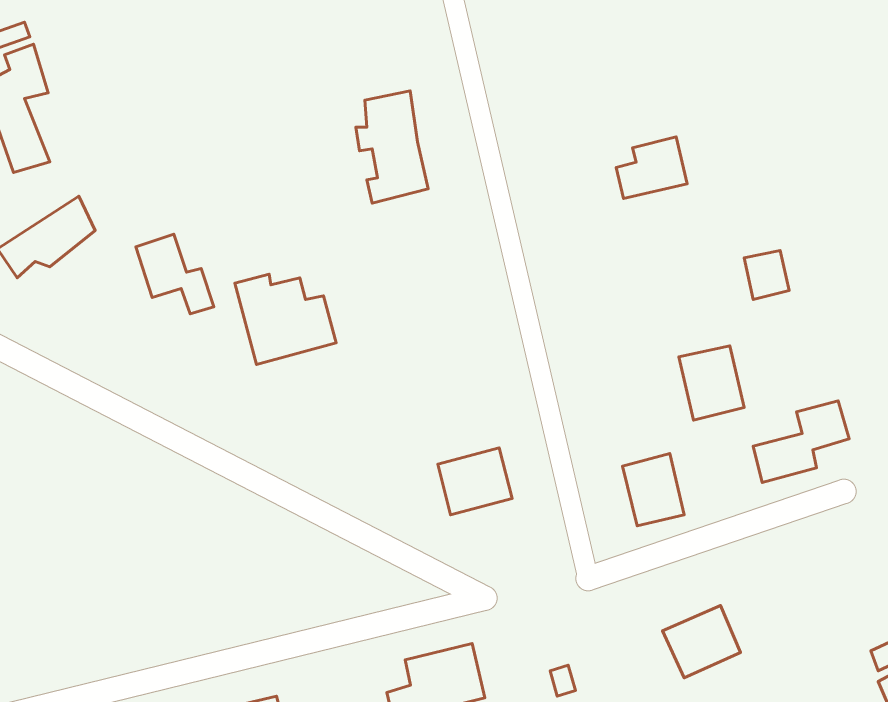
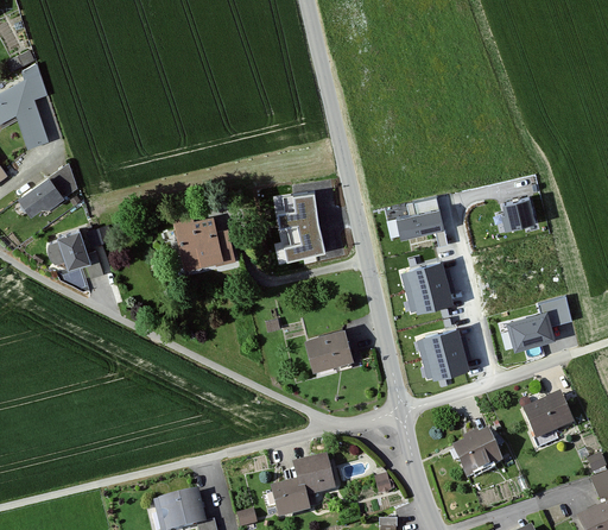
building: [356,91,428,203] -> [278,191,325,265]
building: [616,137,687,198] -> [398,198,444,239]
building: [136,234,214,314] -> [52,227,103,279]
building: [679,346,744,420] -> [405,264,448,313]
building: none -> [521,393,571,440]

